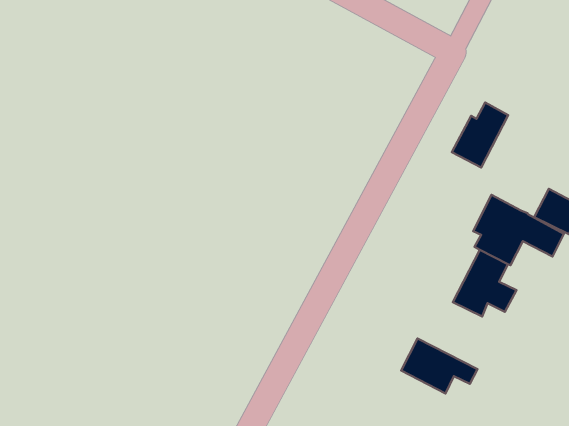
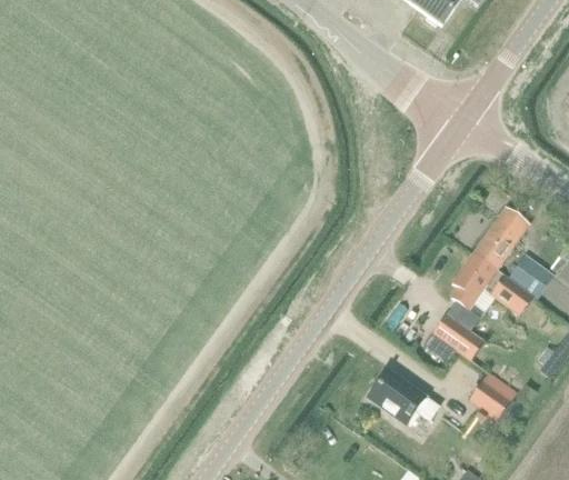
building: [452,103,508,168] -> [472,212,528,270]
building: none -> [467,370,517,420]

